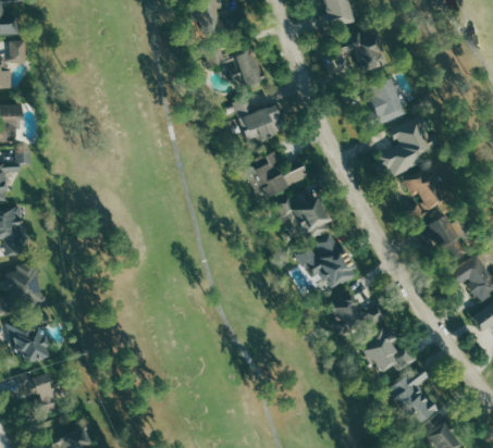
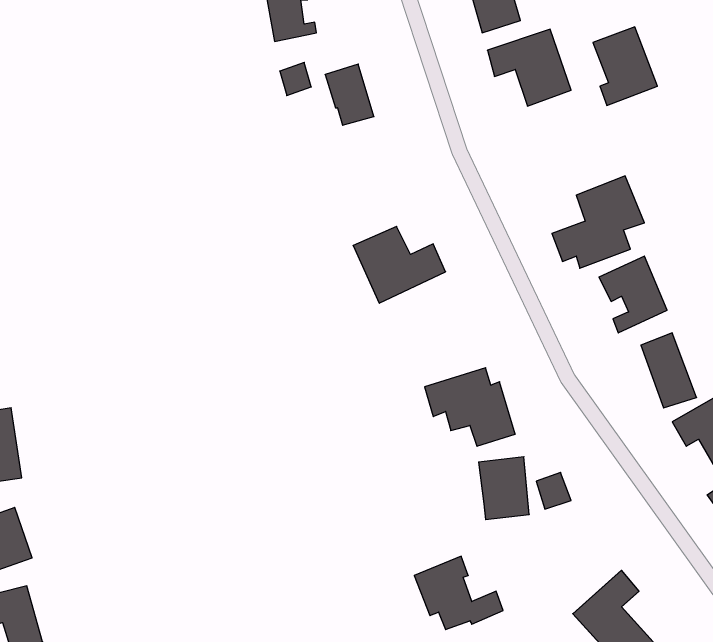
building: [366,78,406,127] -> [593,27,657,105]
building: [235,98,283,142] -> none
building: [274,186,331,241] -> none
building: [360,327,416,373] -> [414,556,503,630]

